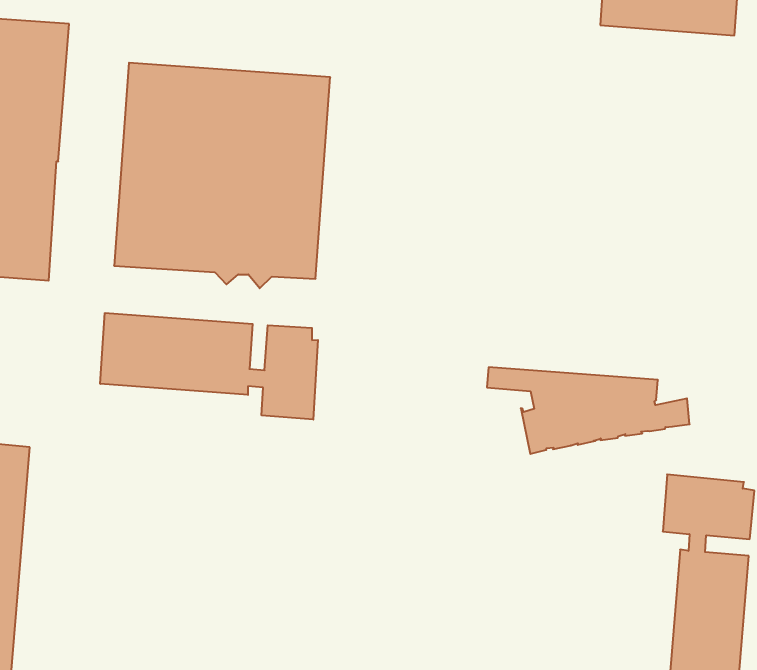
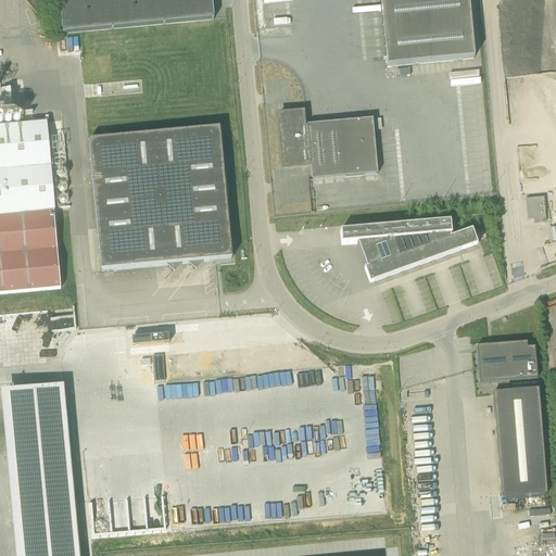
building: none -> [281,109,377,176]
building: [100,313,318,420] -> none
building: [487,367,690,454] -> [340,217,475,278]

